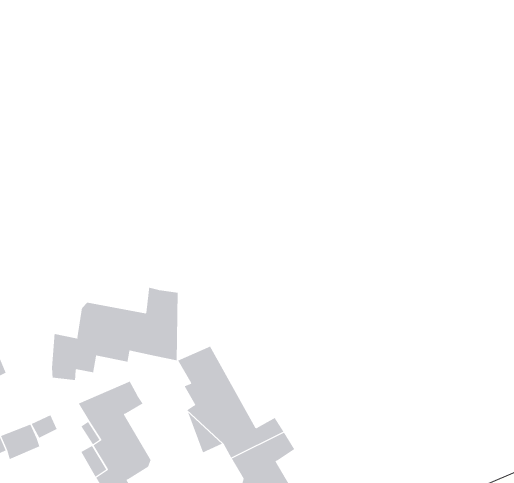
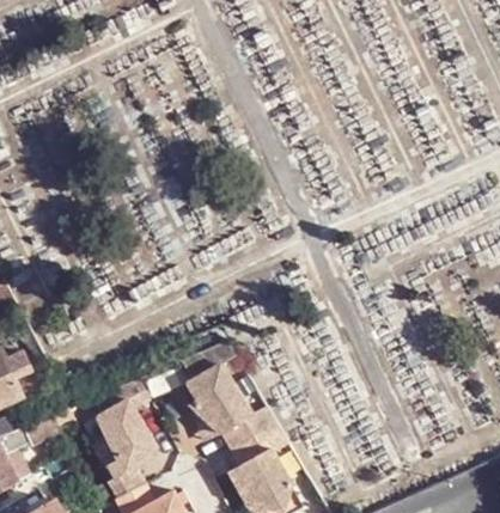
building: [51,287,178,381] -> none

